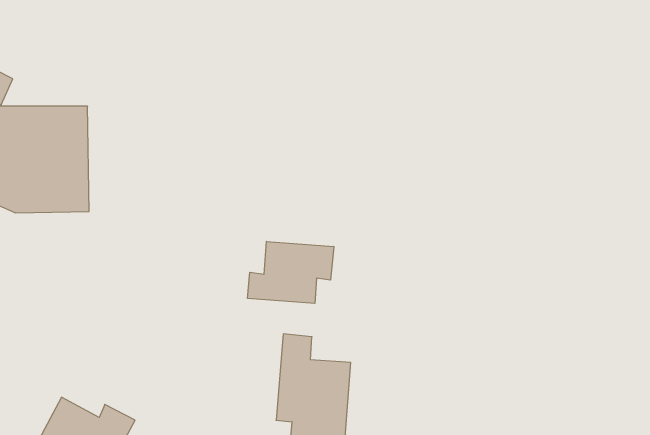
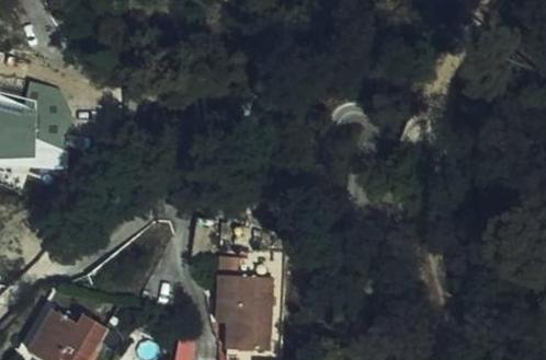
building: [248,241,334,303] -> none

